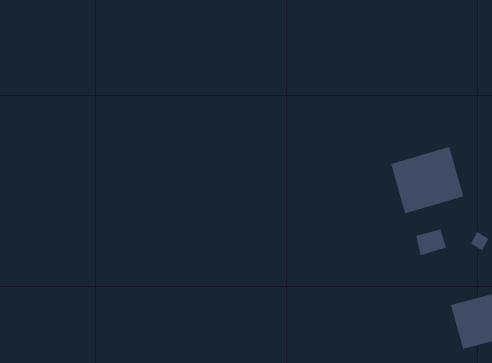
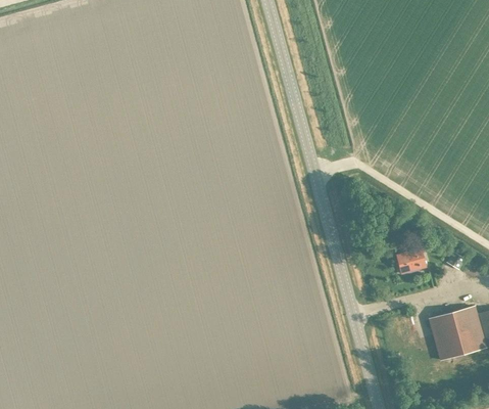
building: [391,146,464,214] -> none

